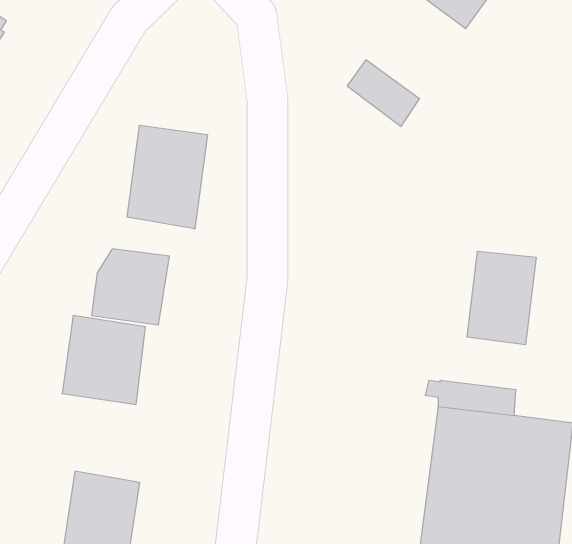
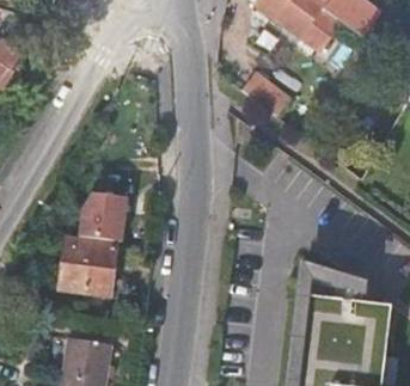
building: [127,125,207,229] -> none
building: [467,251,536,345] -> none

